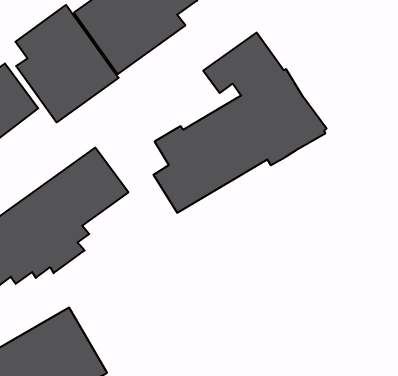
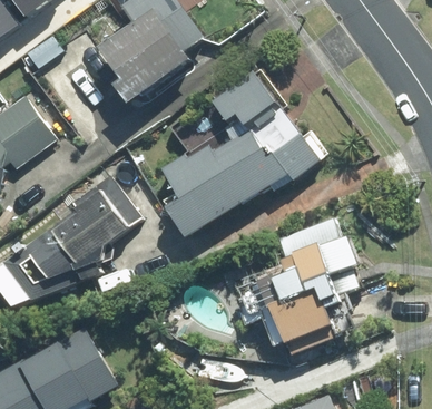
building: [15,5,119,122] -> none
building: none -> [237,217,365,359]

